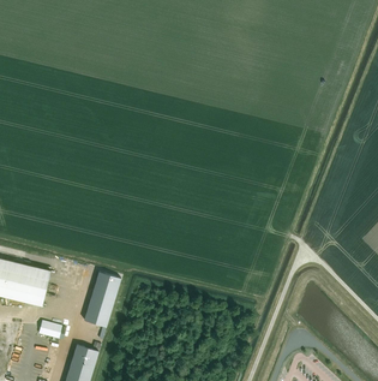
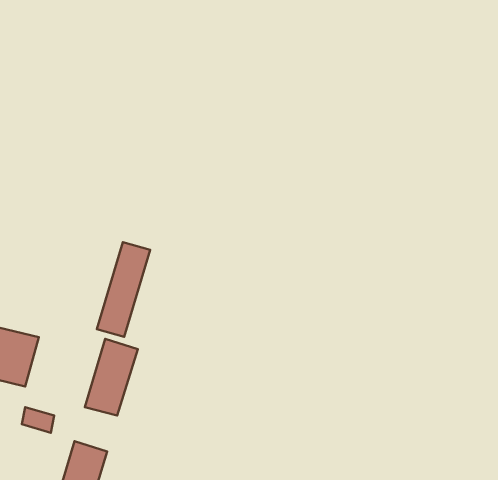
building: none -> [97,242,150,337]

